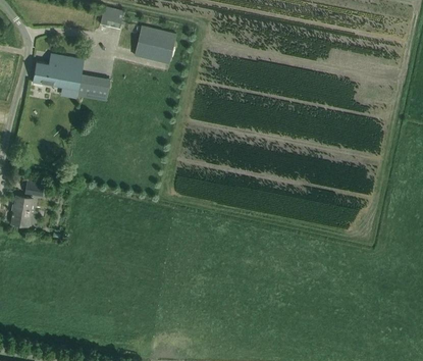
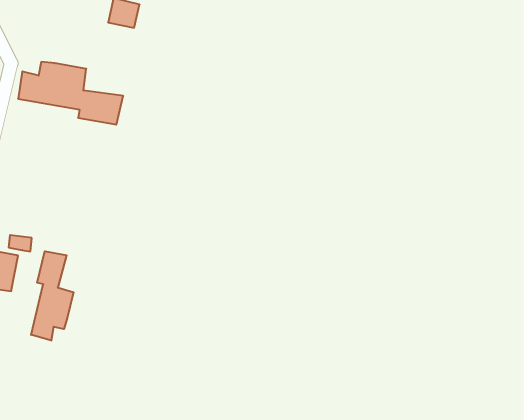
building: [135,27,176,65] -> none
building: none -> [31,251,74,341]

